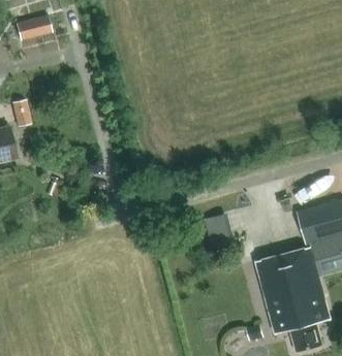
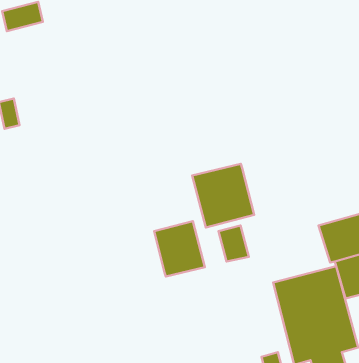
building: none -> [192,164,254,227]
building: none -> [154,221,205,276]

